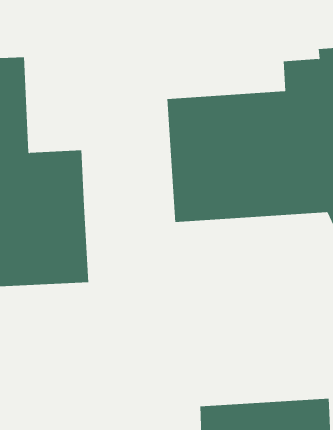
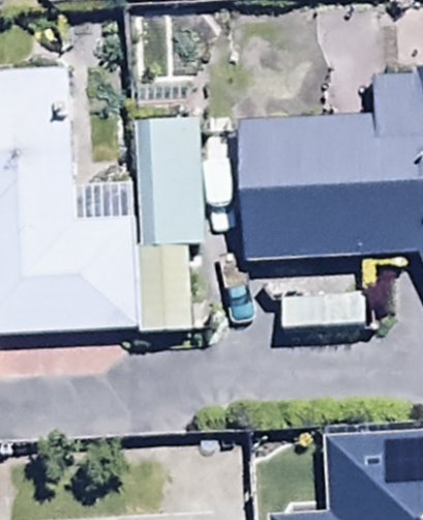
building: none -> [135,119,203,329]

